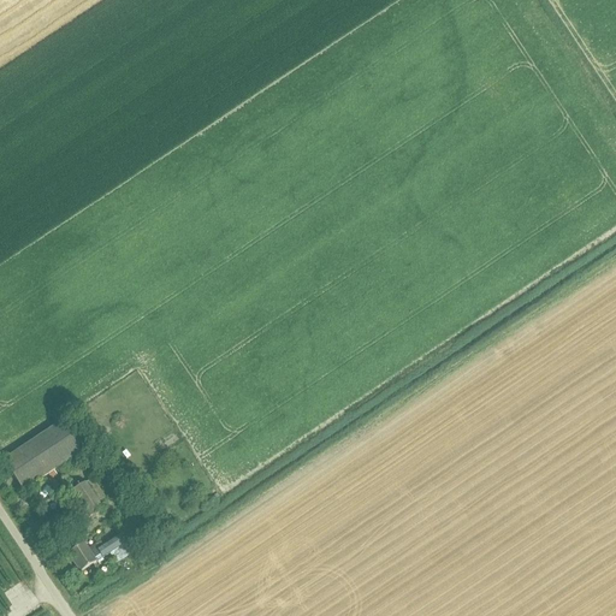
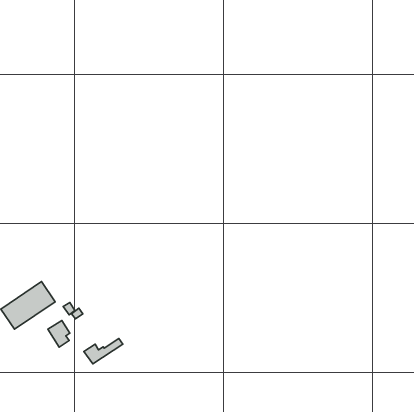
building: [66,532,124,569] -> [84,339,123,364]

